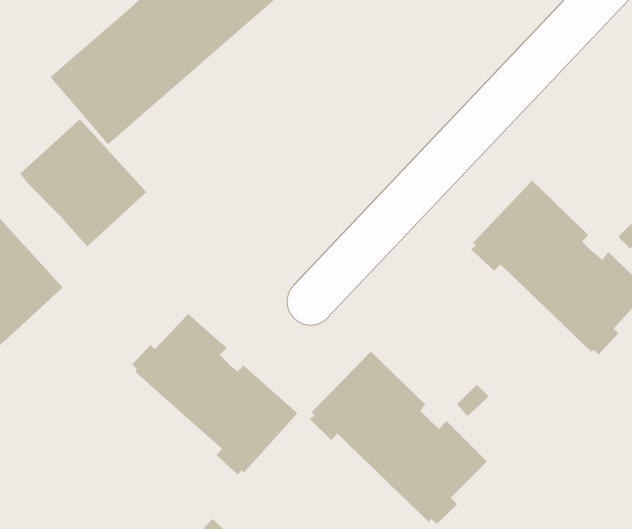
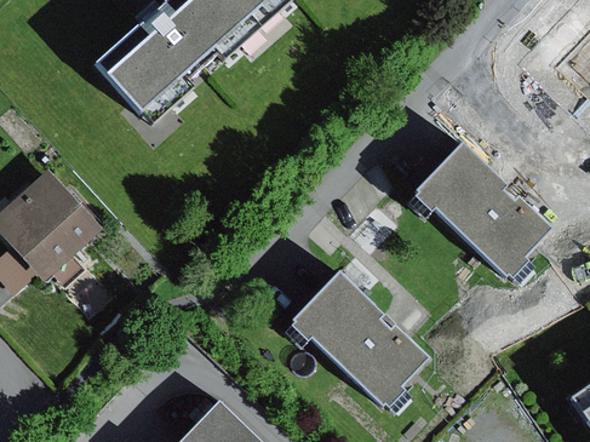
building: [20,119,147,247] -> none
building: [131,313,298,476] -> none

